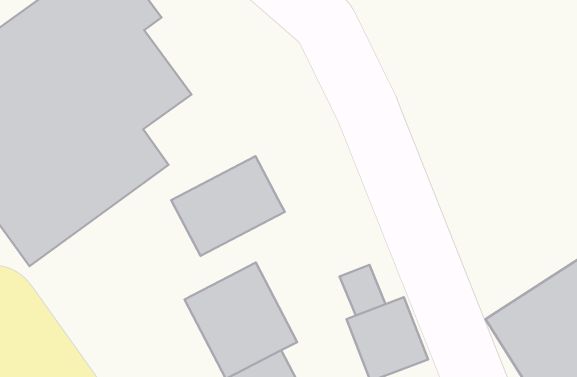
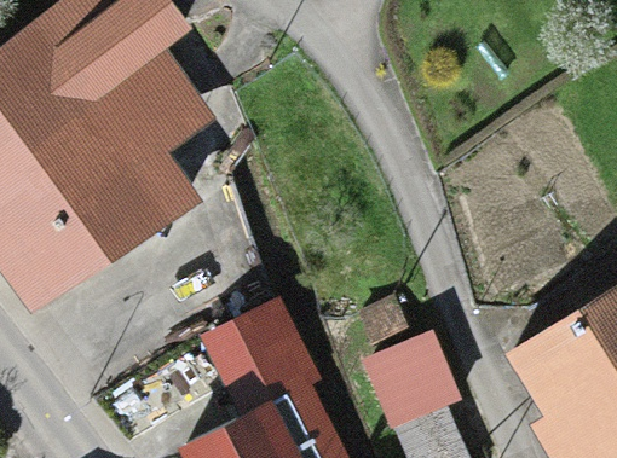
building: [171,156,285,256] -> none

